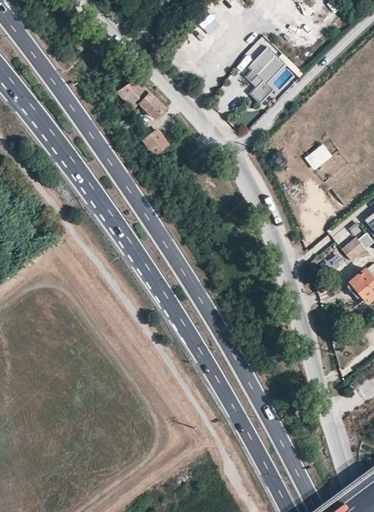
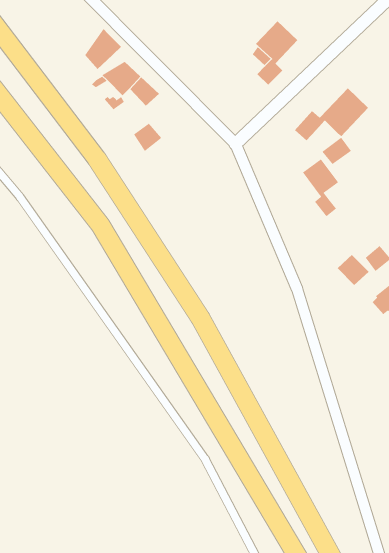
building: none -> [85,28,122,70]
building: none -> [294,87,369,141]
building: none -> [302,158,339,217]

